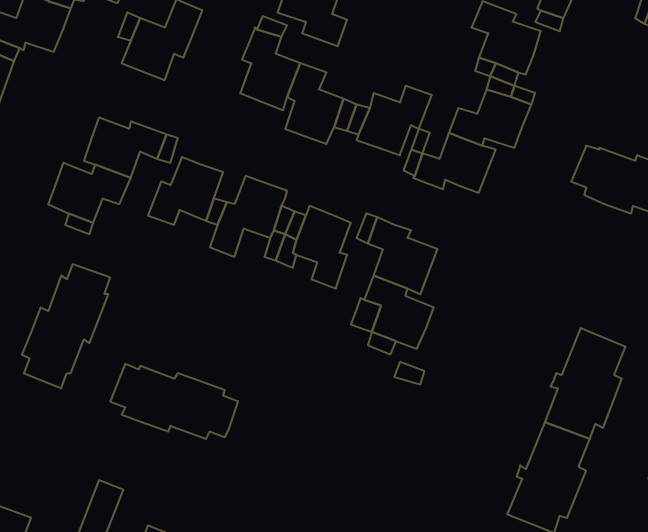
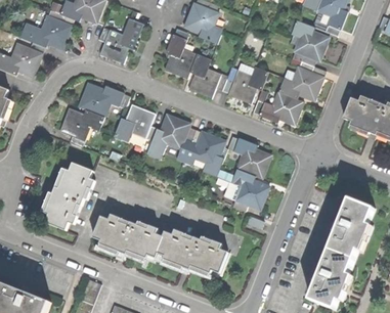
building: none -> [157,232,226,273]

